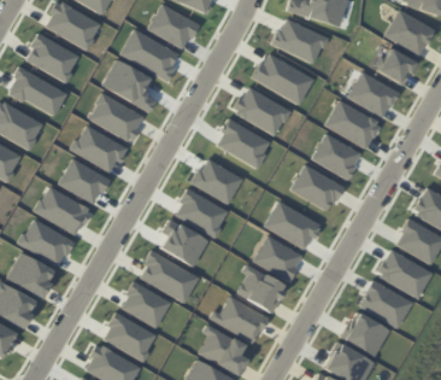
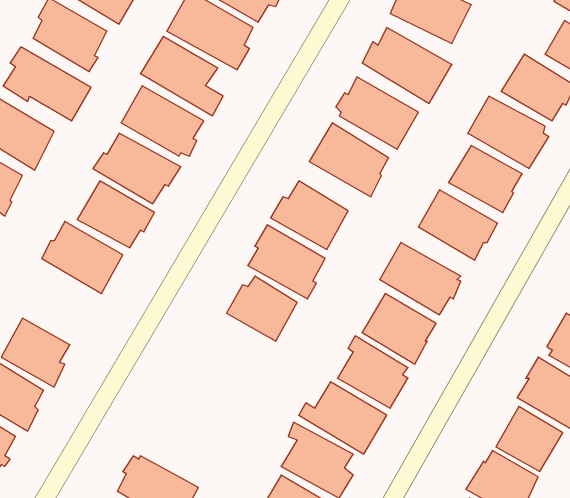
building: [17,218,74,267] -> none
building: [141,250,199,304] -> none
building: [122,281,171,329] -> none
building: [102,311,155,364] -> none

